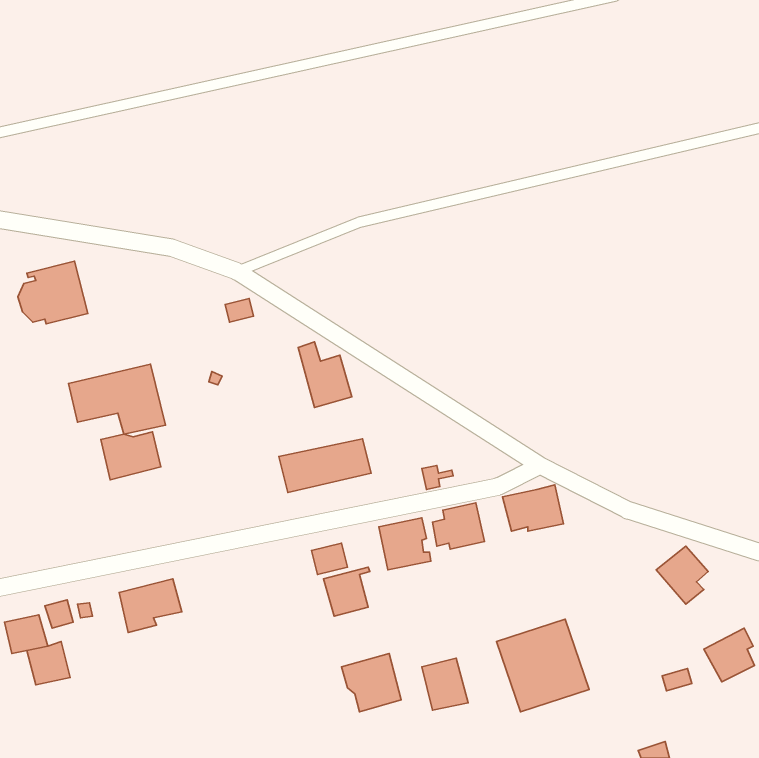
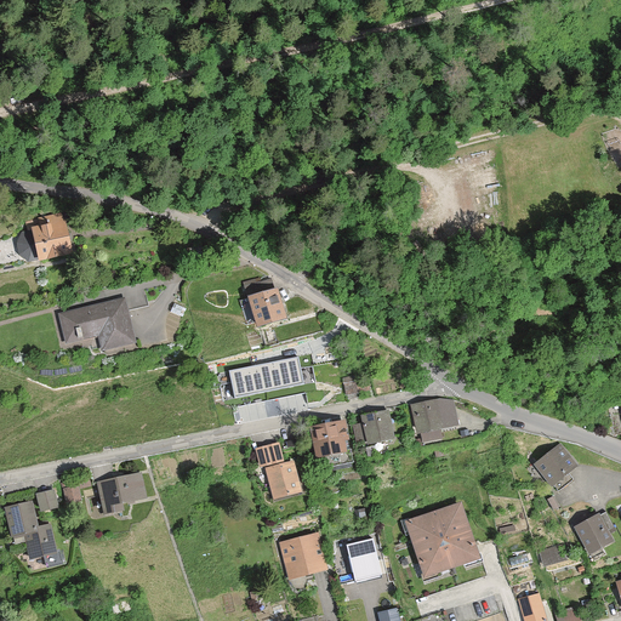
building: [101,432,161,480] -> none

